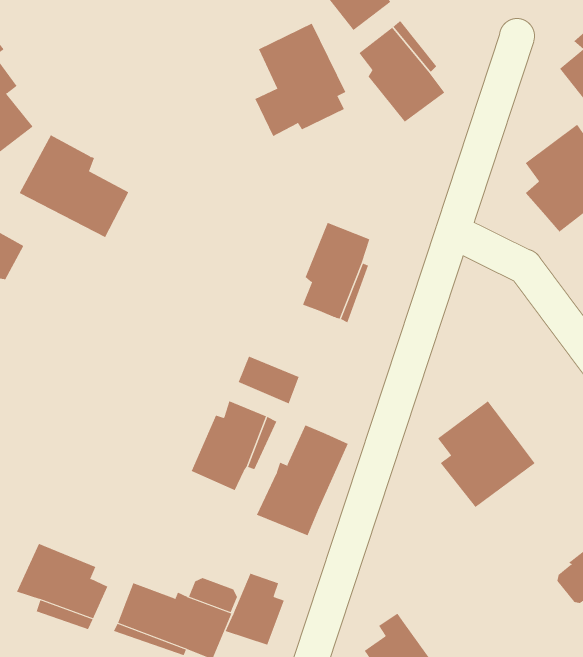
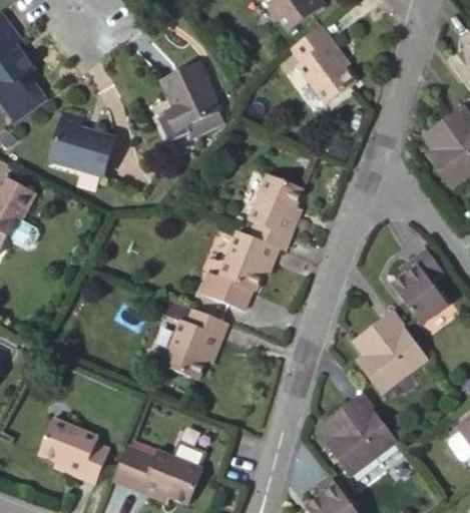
building: [254,23,346,137] -> [154,61,224,148]
building: none -> [210,232,277,294]
building: none -> [389,242,448,321]
building: [256,425,349,536] -> none
building: none -> [323,391,394,472]
building: [225,573,285,646] -> none

